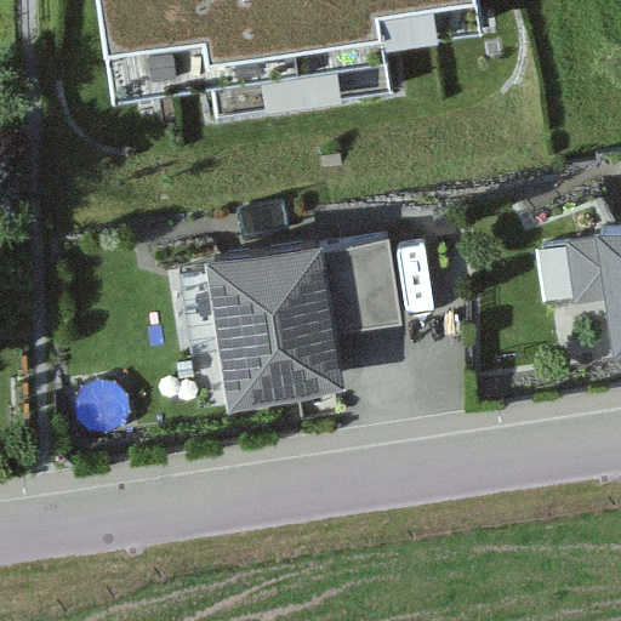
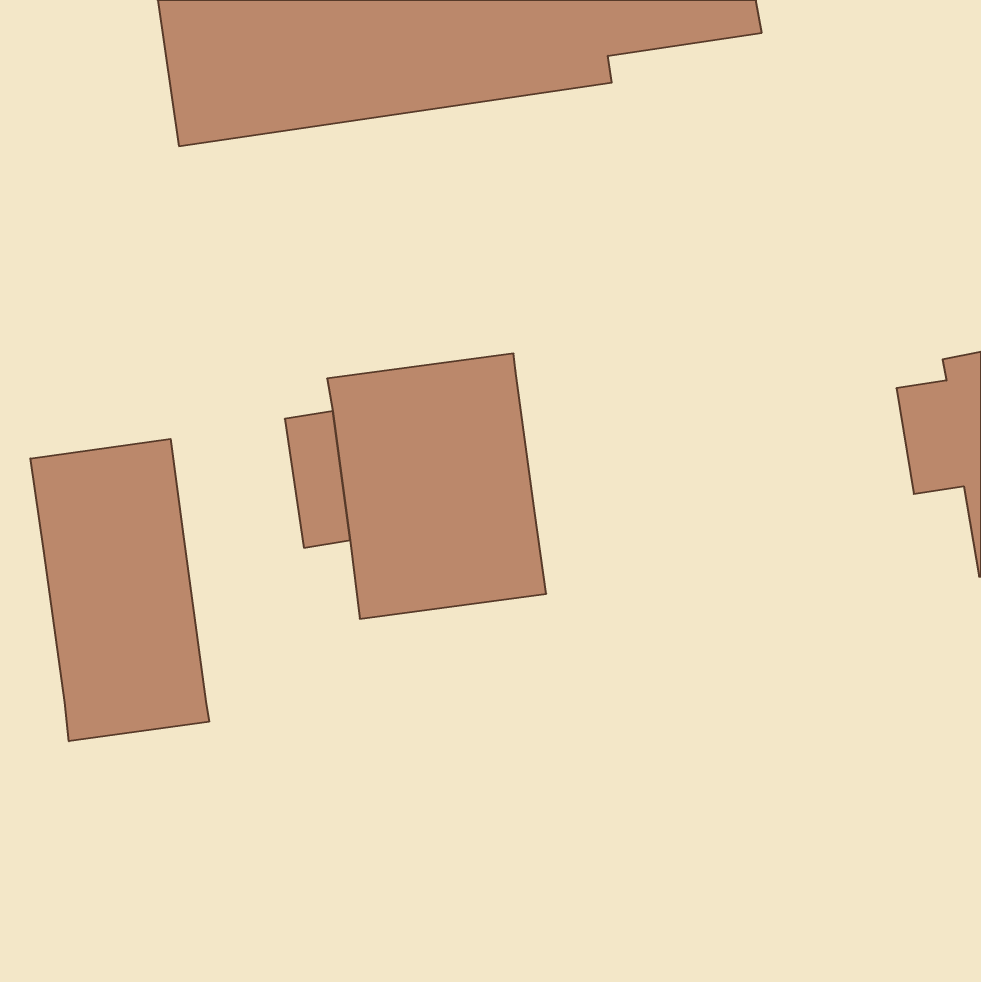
building: [325,226,401,324] -> none
building: none -> [30,439,209,741]

